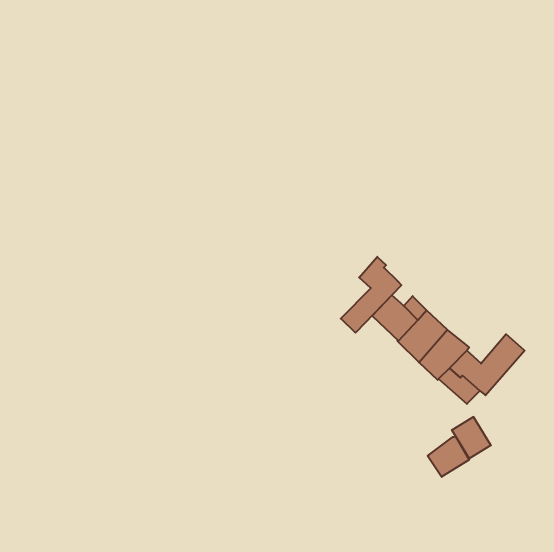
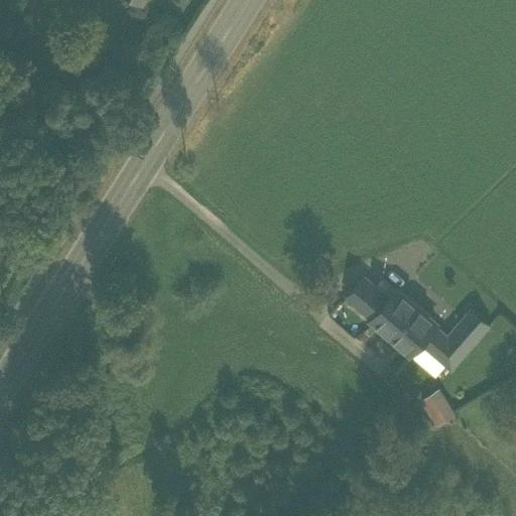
building: [341,257,401,333] -> none
building: [428,436,469,477] -> none

